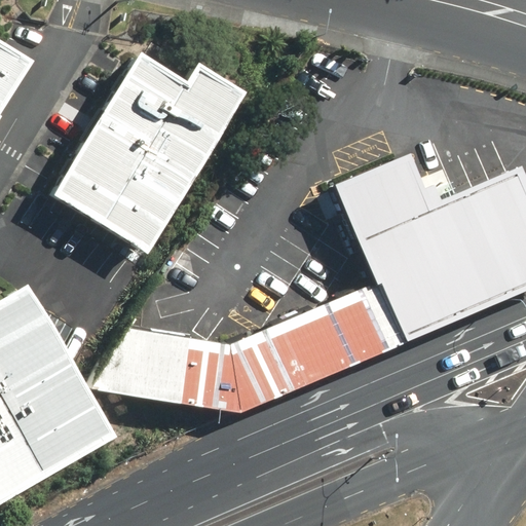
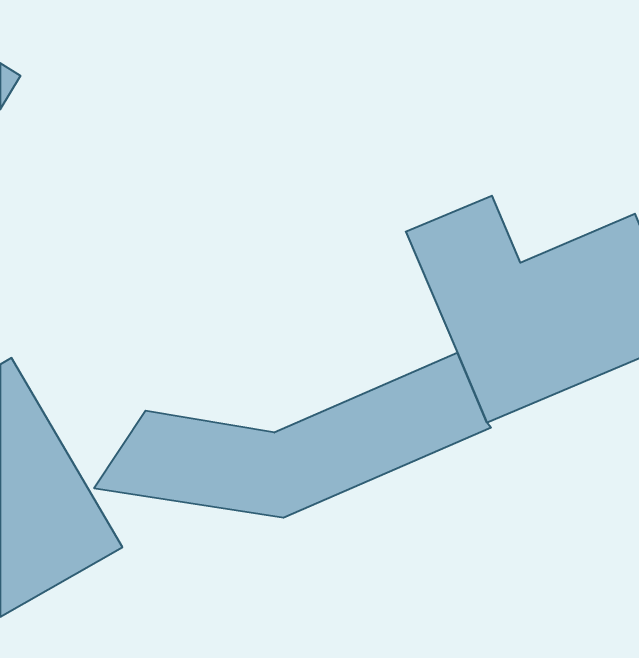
building: [52,54,246,254] -> none

